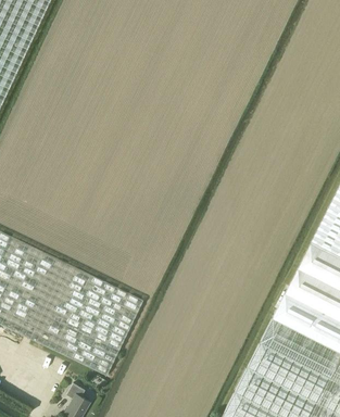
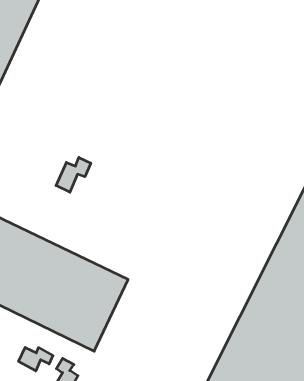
building: none -> [56,157,91,192]
building: none -> [19,347,53,371]

